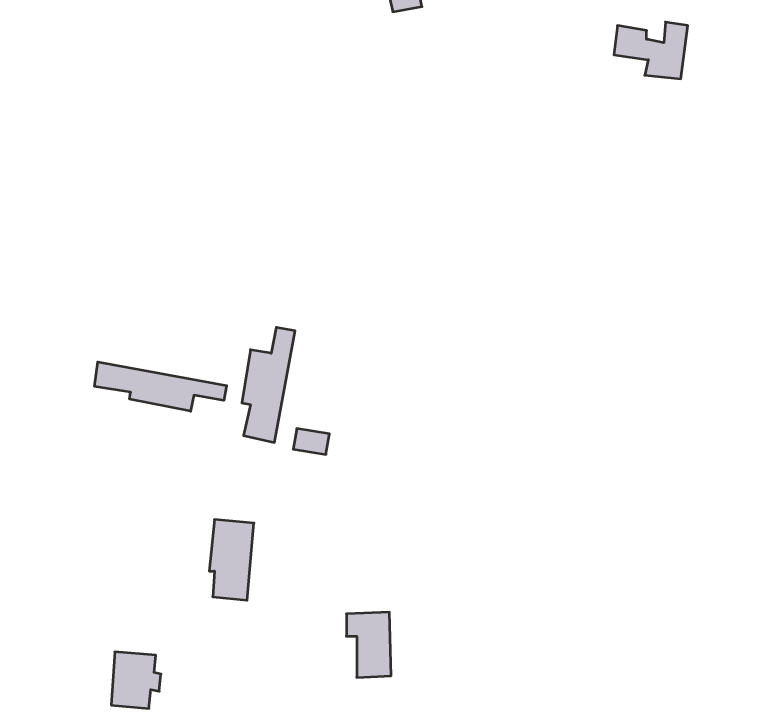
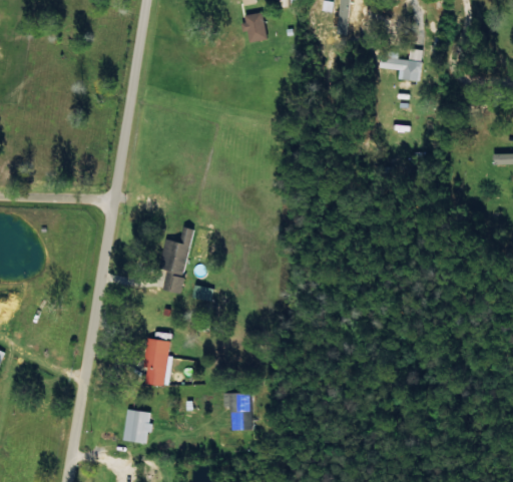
building: [95,362,227,411] -> none
building: [111,652,161,708] -> [124,410,153,443]

